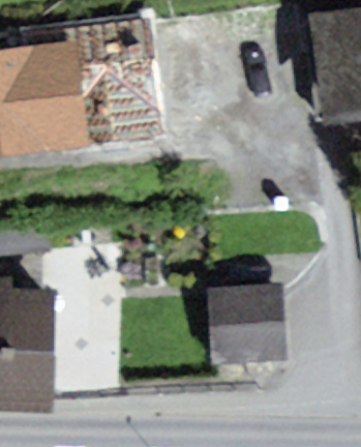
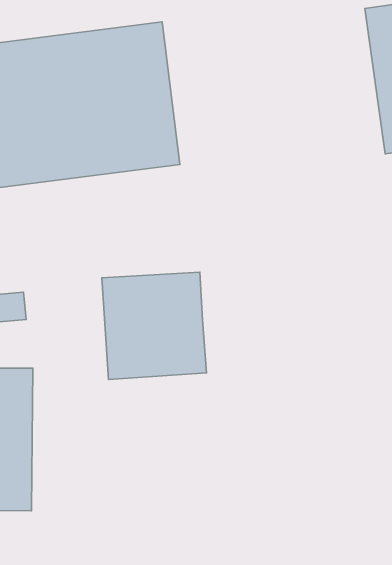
building: [206,285,285,366] -> [102,272,207,380]

